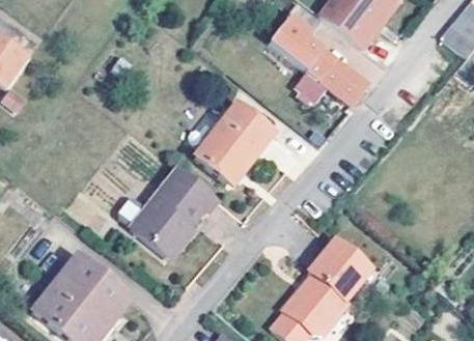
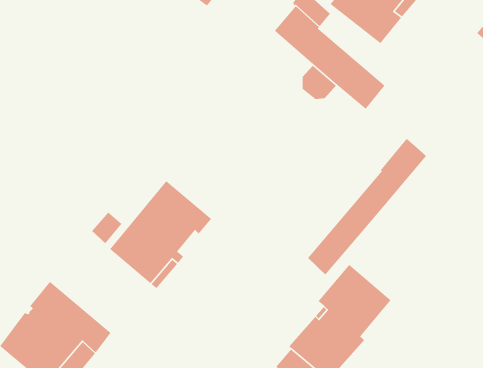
building: [194,103,273,179] -> none
building: none -> [307,138,427,275]

